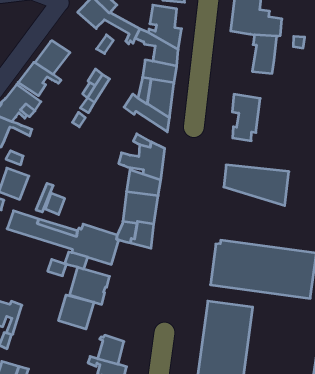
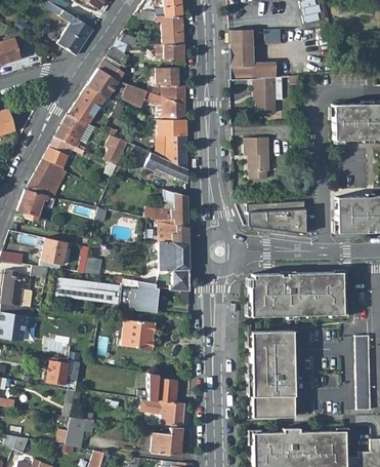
building: none -> [69,86,108,125]
building: [59,295,94,329] -> none

